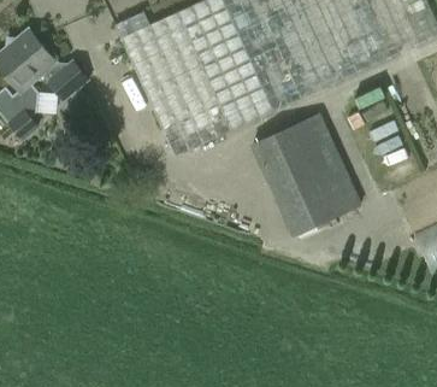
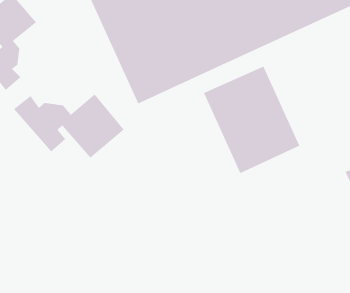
building: [46,58,90,102] -> none
building: none -> [13,93,125,159]

